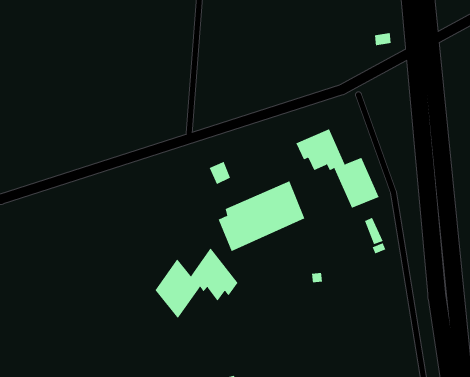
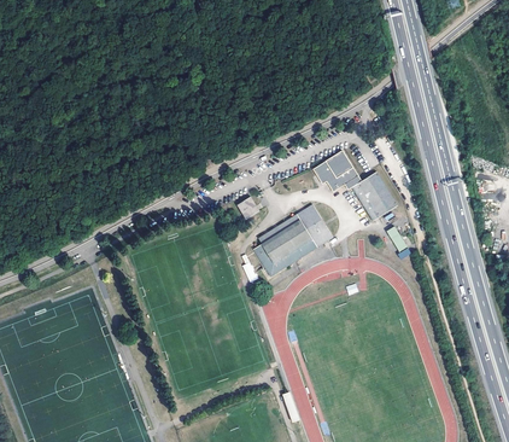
building: [155,247,238,319] -> none

